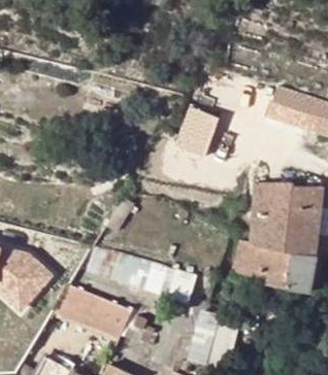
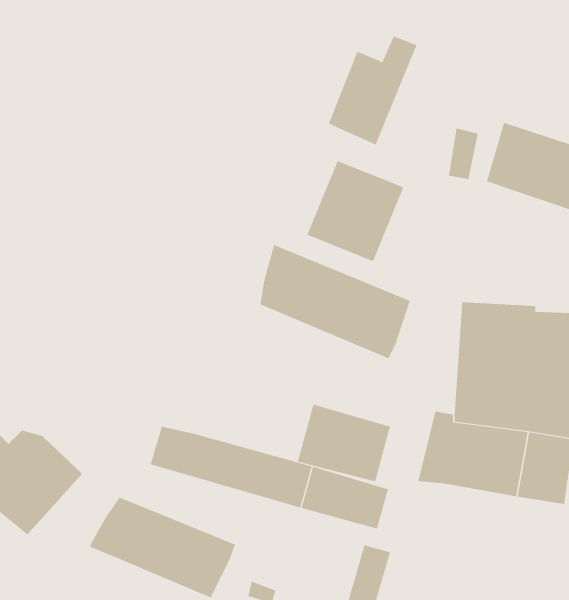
building: none -> [328,35,417,146]
building: none -> [260,244,411,359]
building: none -> [297,404,390,482]

